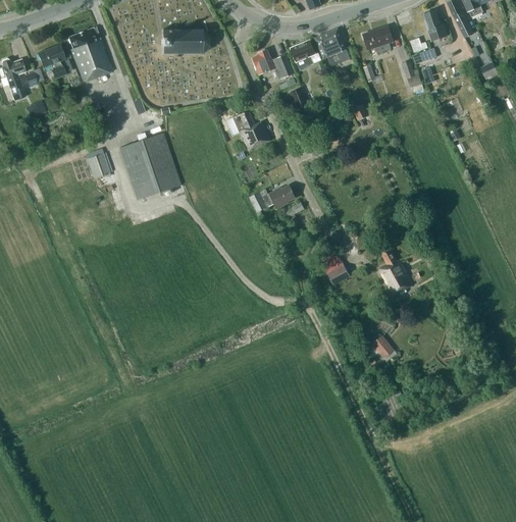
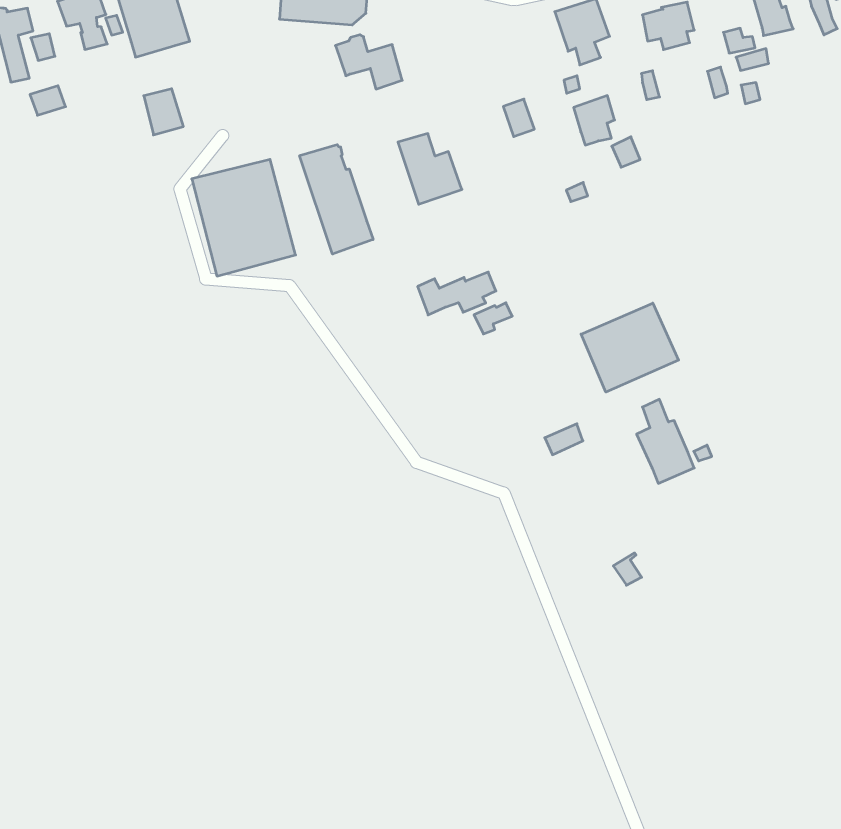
building: [291,40,314,68] -> [574,96,615,145]
building: [252,50,291,80] -> [335,35,402,89]
building: none -> [300,145,373,254]
building: [87,153,110,179] -> [144,89,183,135]
building: none -> [581,303,679,392]

